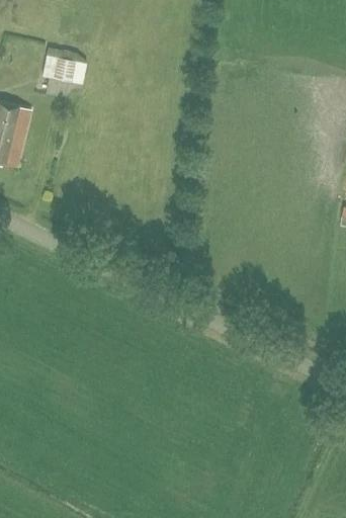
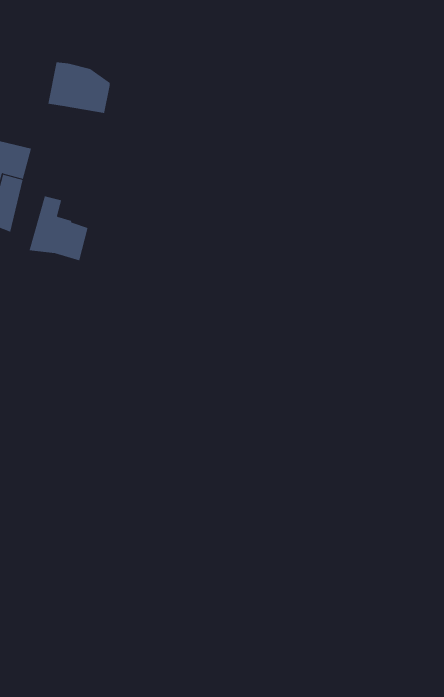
building: none -> [29,195,88,261]

